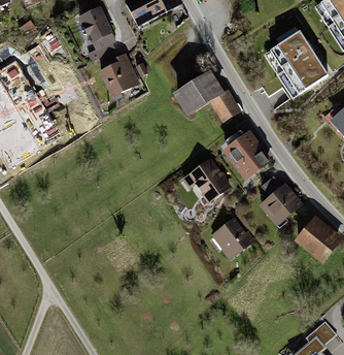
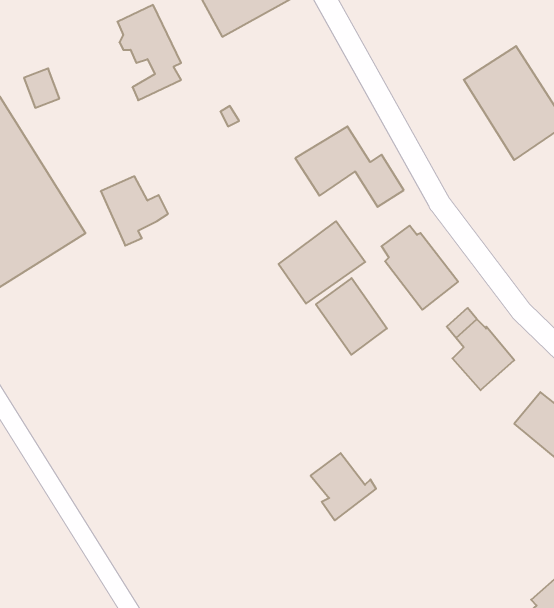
building: [100,62,137,100] -> [101,176,168,246]
building: none -> [279,221,365,304]
building: [216,220,252,257] -> [311,453,376,520]

